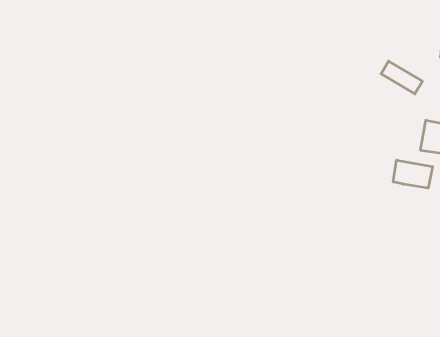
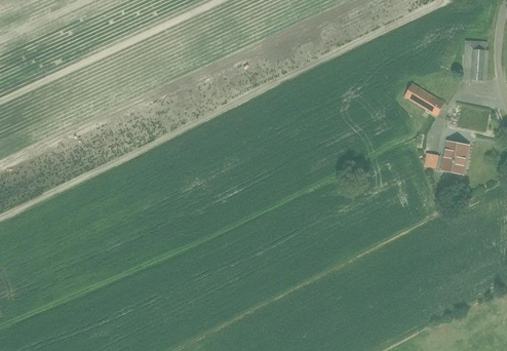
building: [393,160,433,188] -> none

